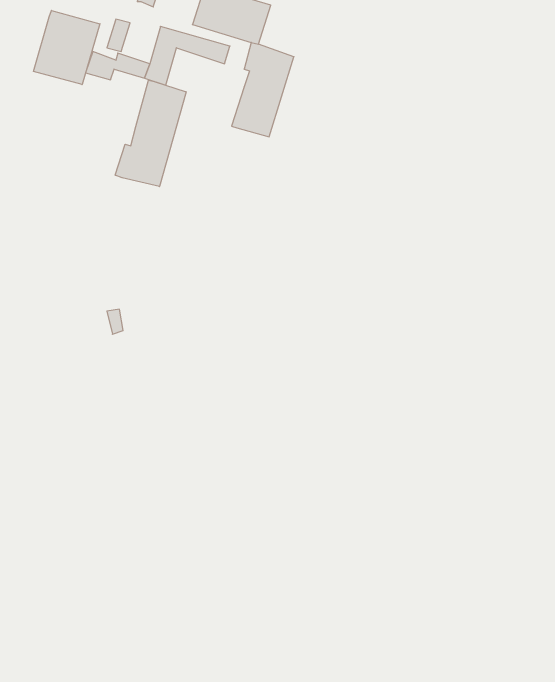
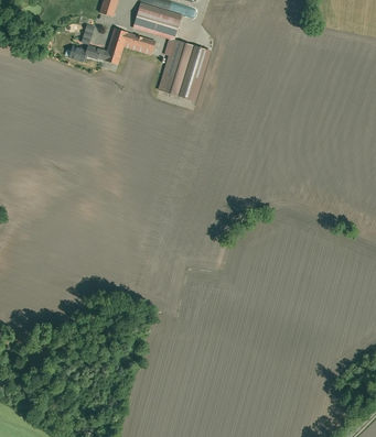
building: [34,10,100,85] -> none
building: [115,80,186,187] -> none

